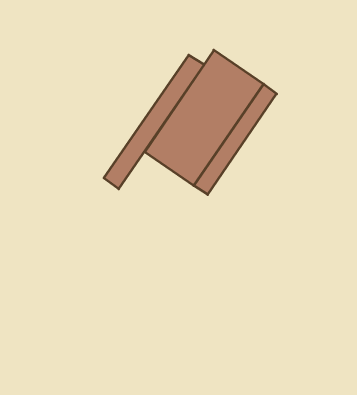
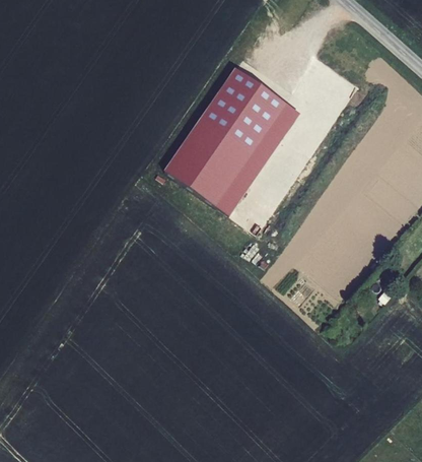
building: [104,55,204,189] -> none

